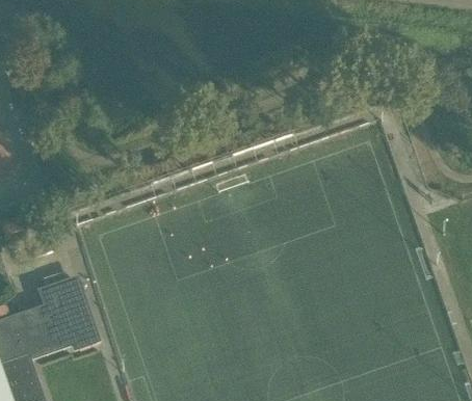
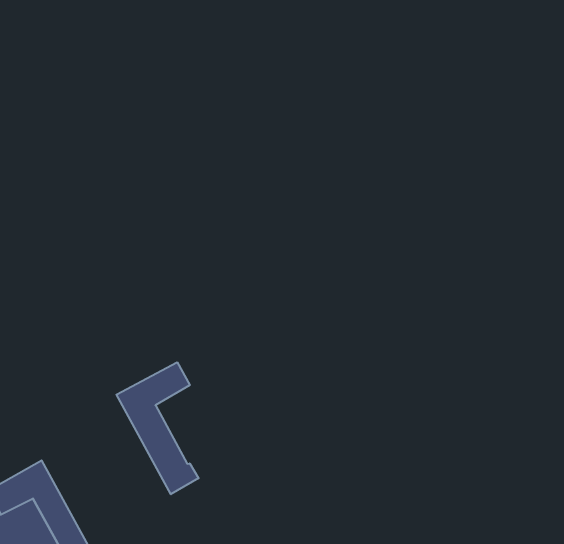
building: none -> [116,362,199,494]

